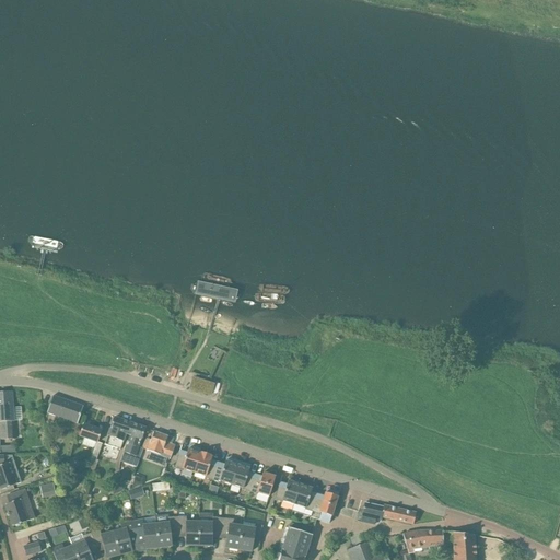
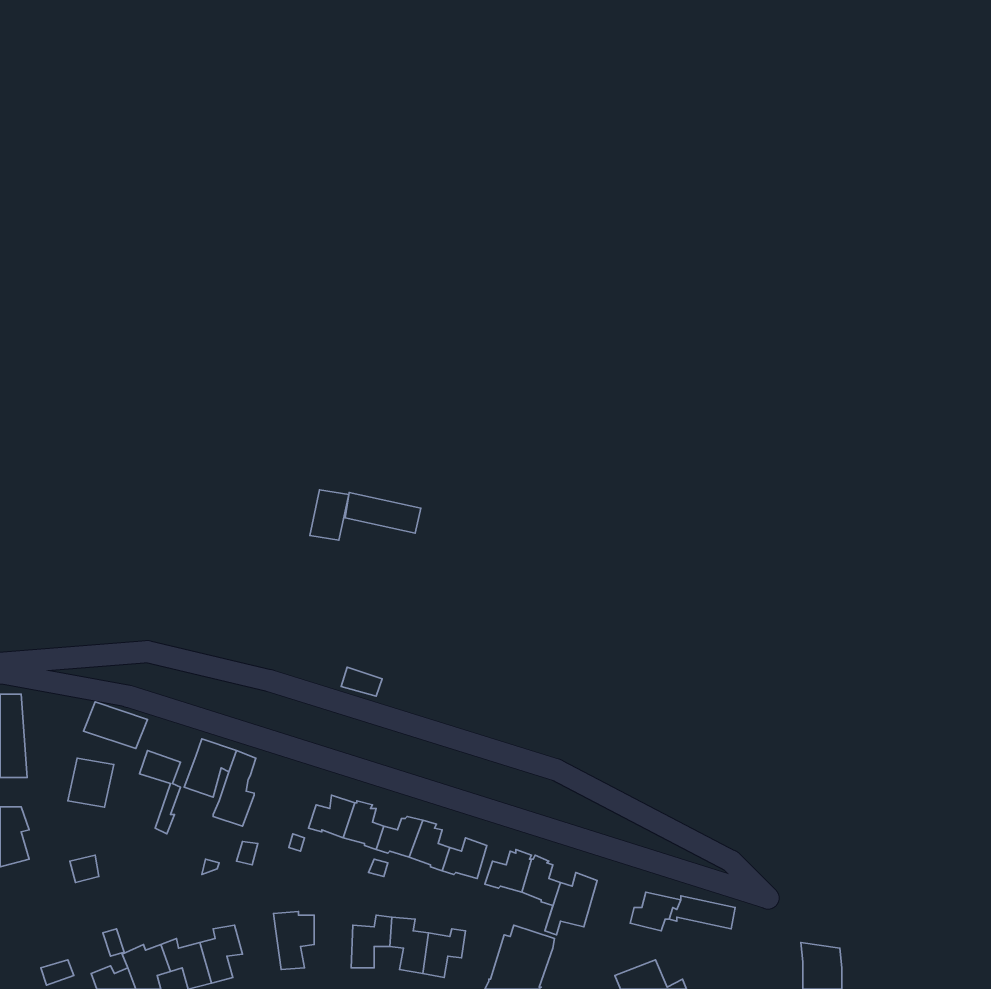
building: none -> [310,490,349,540]
building: none -> [68,758,114,807]
building: [143,431,174,458] -> none
building: [5,489,35,526] -> none
building: [177,516,199,546] -> none
building: [132,520,159,549] -> none
building: [402,530,443,552] -> none

